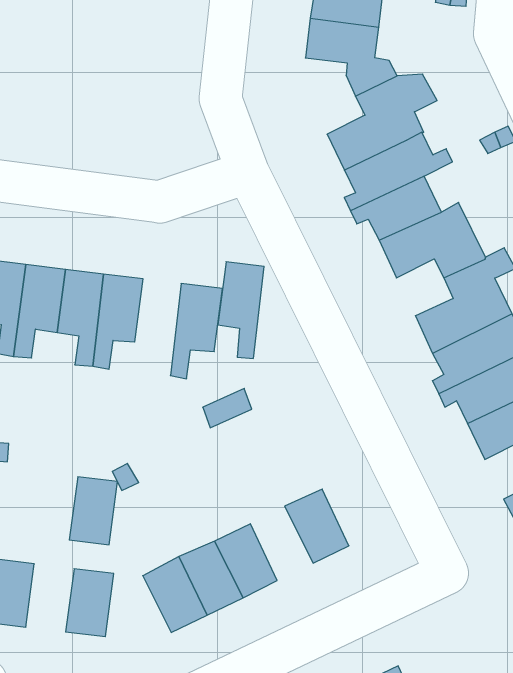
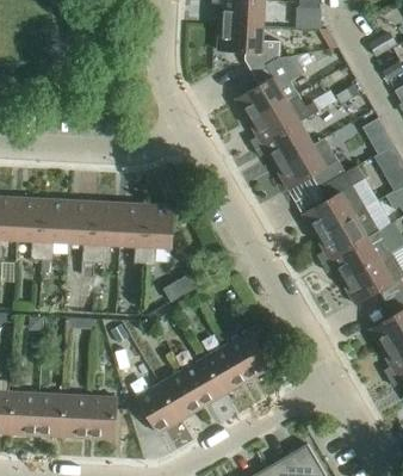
building: [218,262,264,358] -> [119,202,147,264]
building: [69,477,117,545] -> [62,394,91,437]
building: none -> [204,344,247,392]

